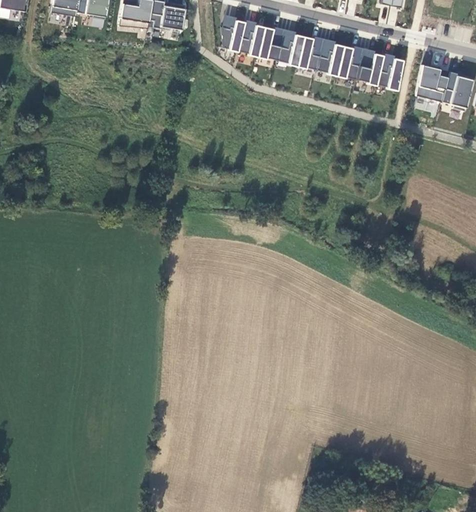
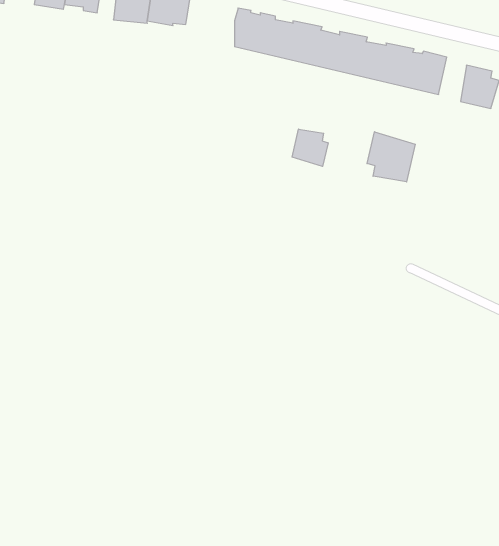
building: none -> [292,129,328,166]
building: none -> [367,132,415,182]

